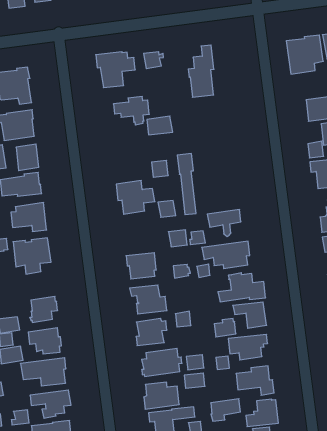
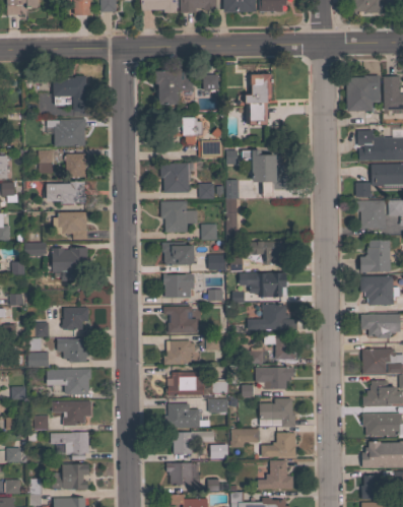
building: none -> [243,150,286,197]
building: none -> [160,164,194,193]
building: none -> [162,243,194,265]

